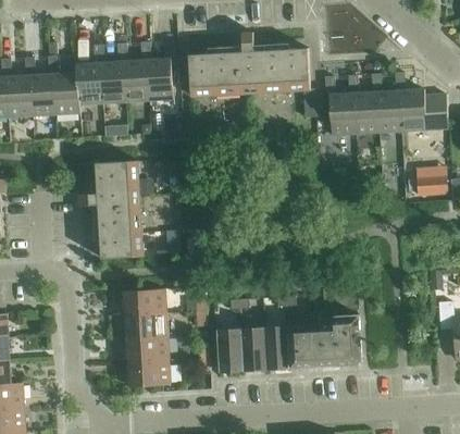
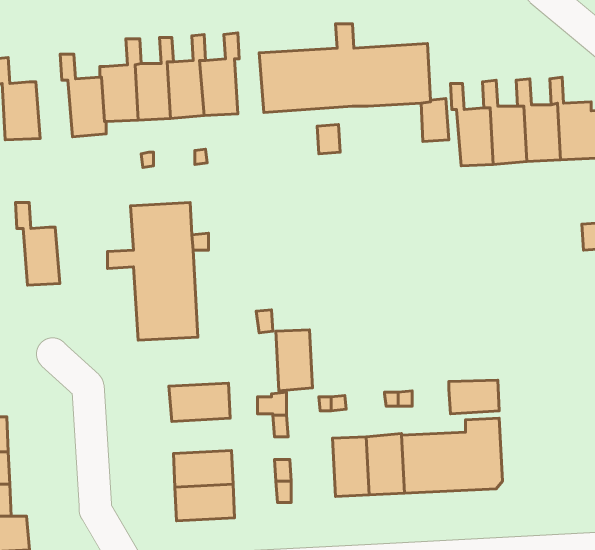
building: [24,57,55,115] -> [15,203,60,285]
building: [126,314,169,339] -> none
building: [216,328,243,372] -> [276,330,313,391]

